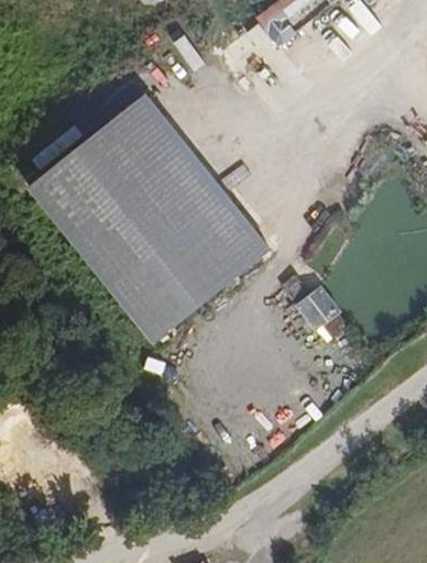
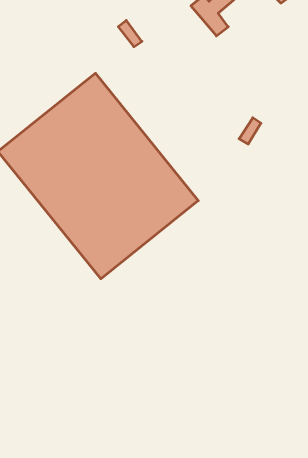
building: [292,283,343,333] -> none

